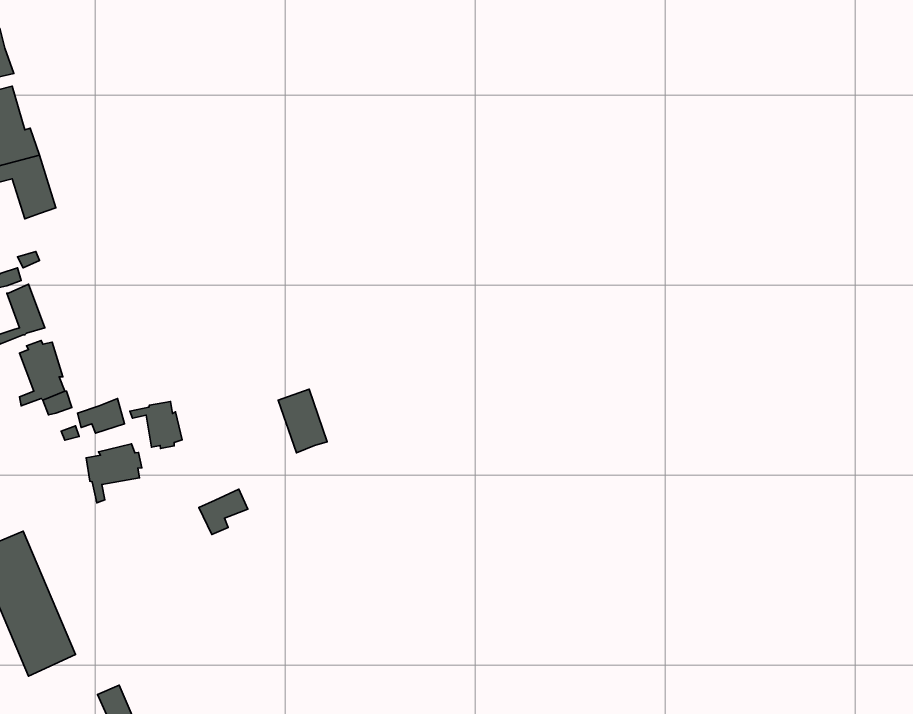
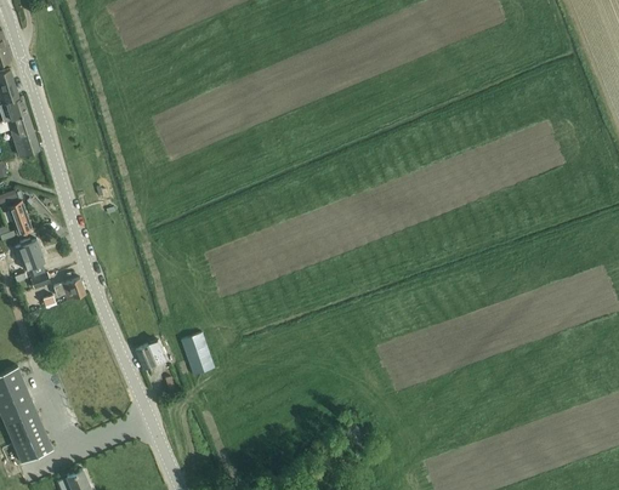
building: [278,389,327,453] -> [180,334,212,376]
building: [130,402,182,449] -> none
building: [86,444,142,503] -> none

